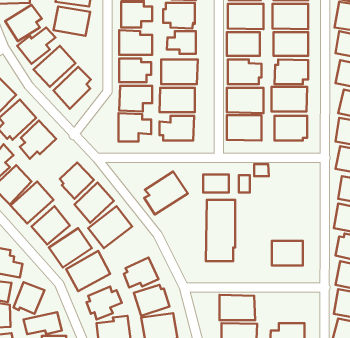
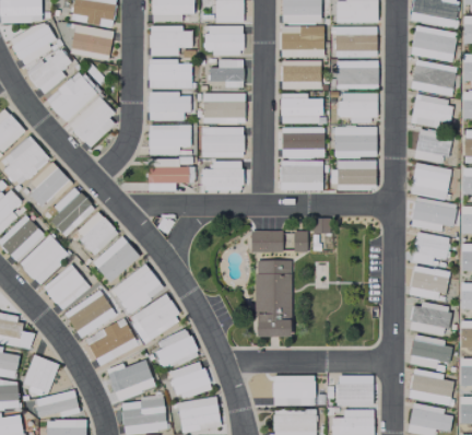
building: none -> [52,190,97,239]
building: [144,172,188,214] -> [134,295,187,346]
building: [272,241,303,265] -> [335,374,373,403]

